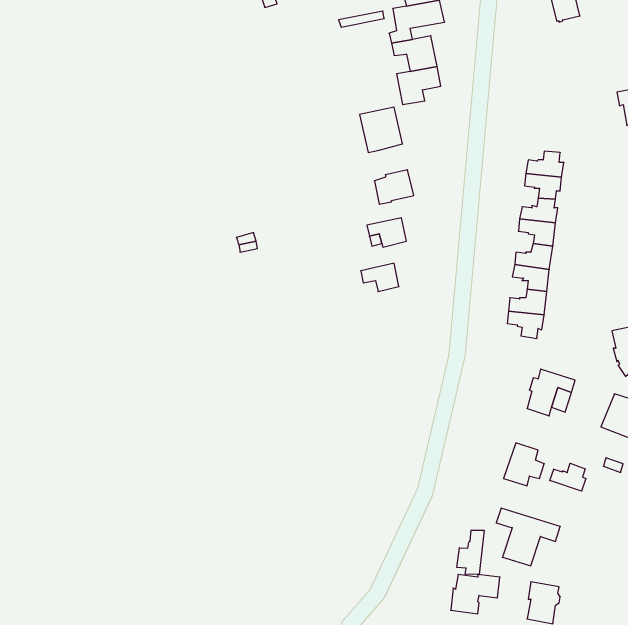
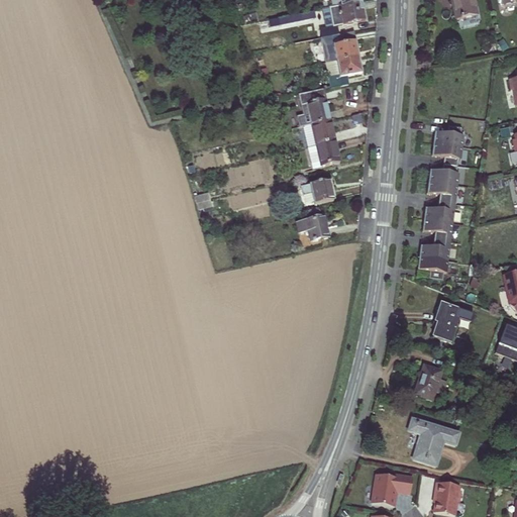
building: none -> [312,118,335,143]
building: [550,463,586,491] -> none
building: [457,530,484,575] -> none

